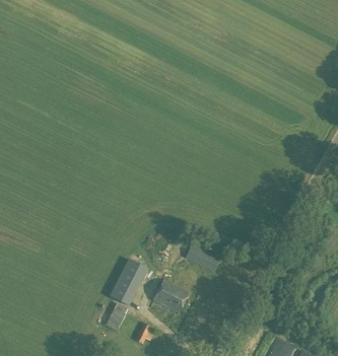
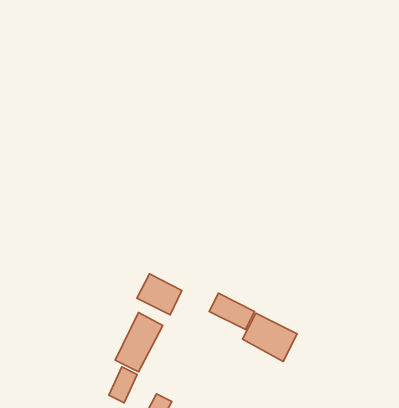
building: none -> [242,313,297,362]
building: [153,280,189,312] -> [137,274,182,315]

